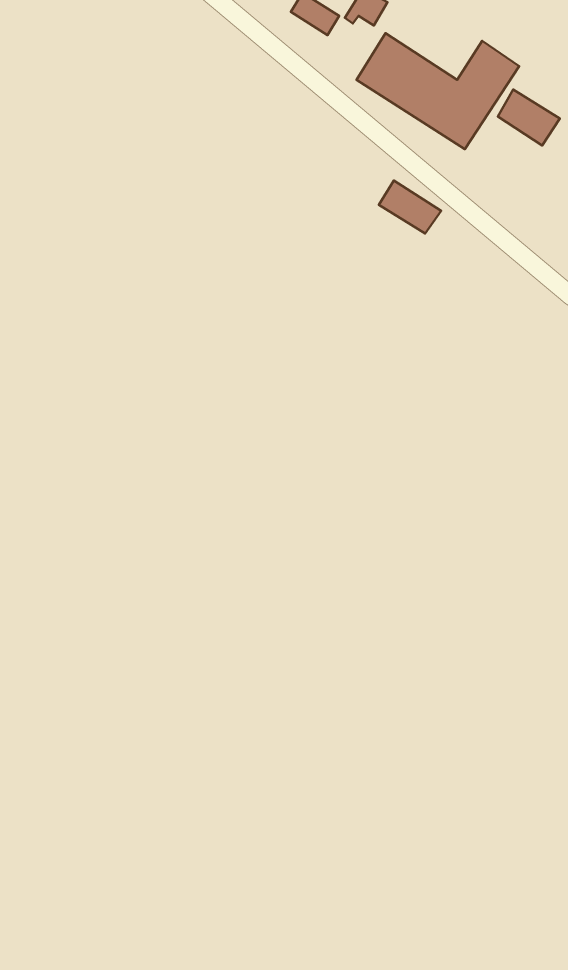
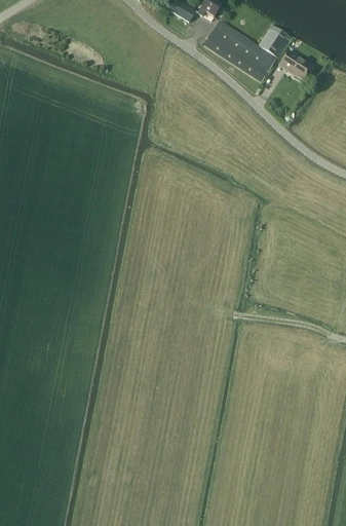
building: [379,181,441,234] -> none

